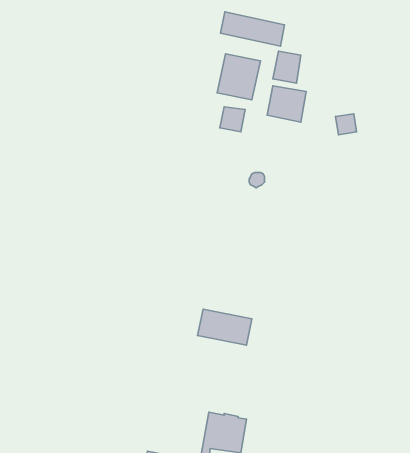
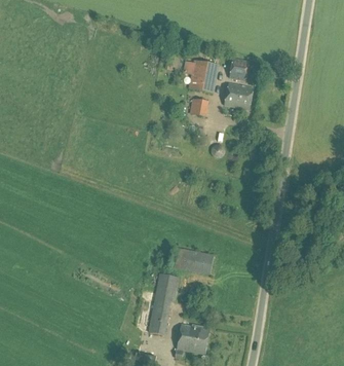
building: [220,12,285,46] -> none
building: none -> [148,273,178,335]

